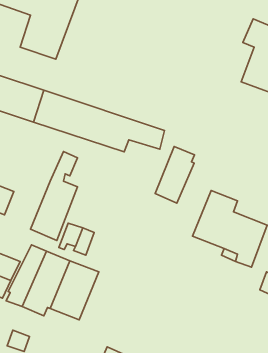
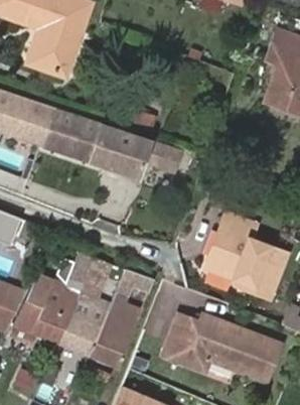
building: [155,146,194,203] -> none
building: [31,151,77,240] -> [90,272,140,368]
building: none -> [173,314,285,378]

